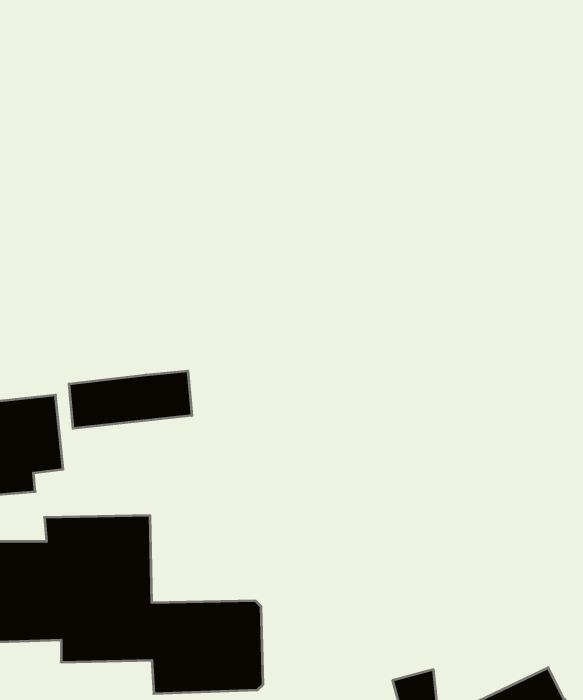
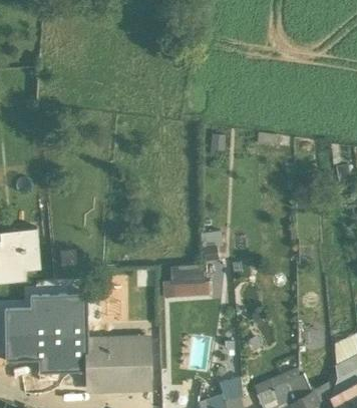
building: [69,371,192,428] -> none
building: none -> [168,267,204,286]

